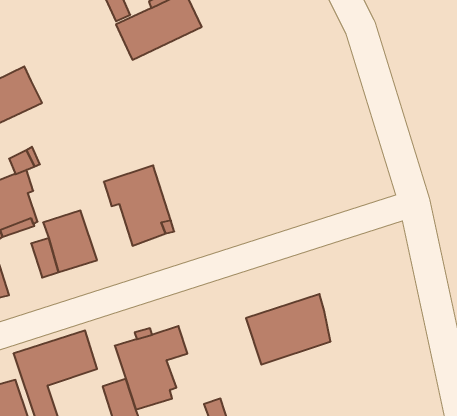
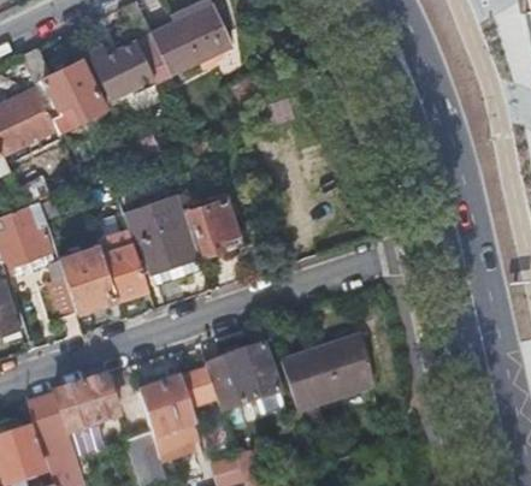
building: none -> [89,41,155,97]
building: none -> [24,47,106,128]
building: none -> [189,197,240,254]
building: none -> [99,231,143,298]
building: none -> [206,346,279,413]

